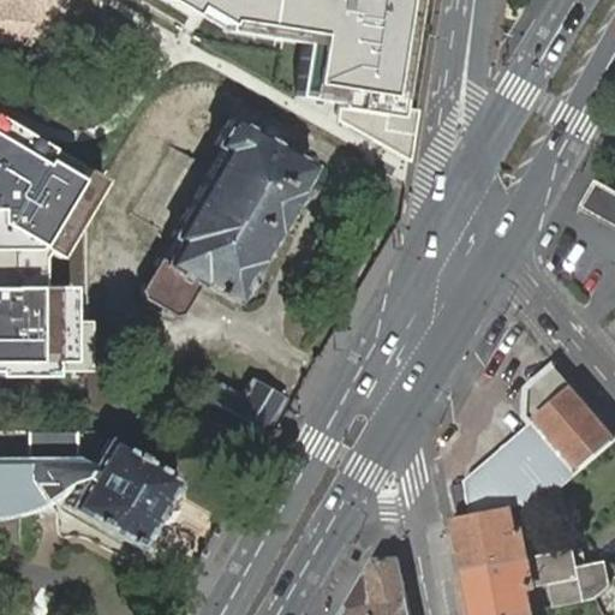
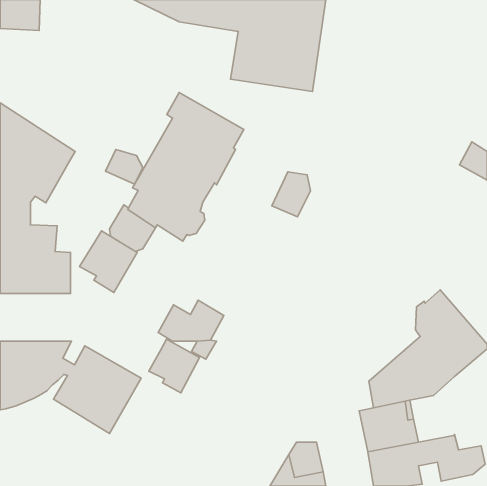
building: none -> [106,150,143,184]
building: none -> [272,172,311,217]
building: none -> [80,231,137,292]
building: none -> [149,339,199,393]

